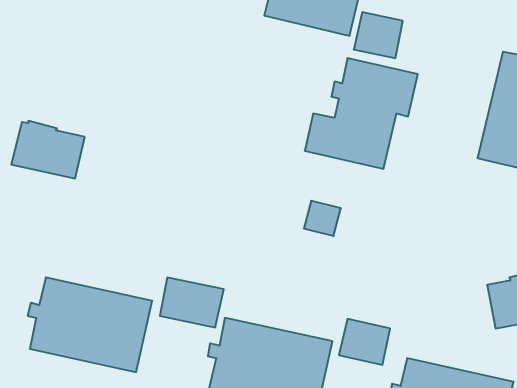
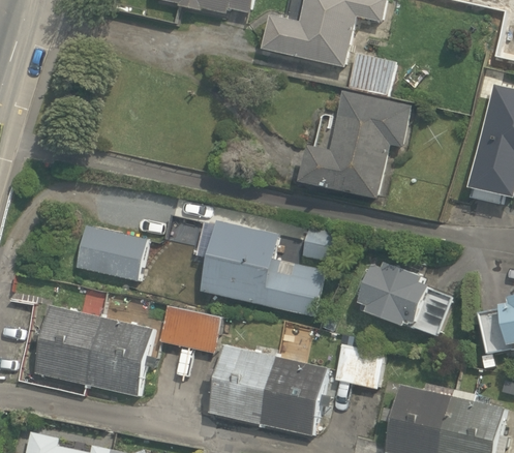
building: [11,121,85,178] -> [74,224,146,280]
building: none -> [195,219,326,319]
building: none -> [359,261,451,336]

